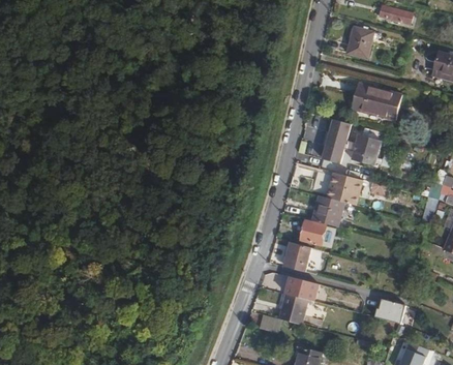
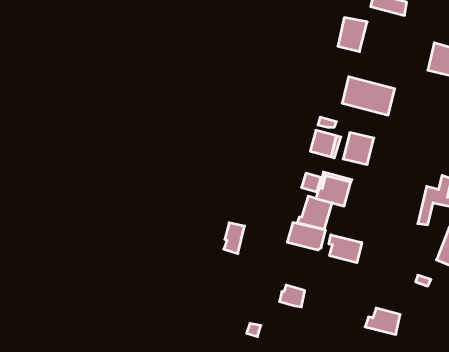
building: none -> [329,235,362,263]
building: [283,241,303,270] -> [224,223,245,254]
building: [277,293,307,323] -> none

